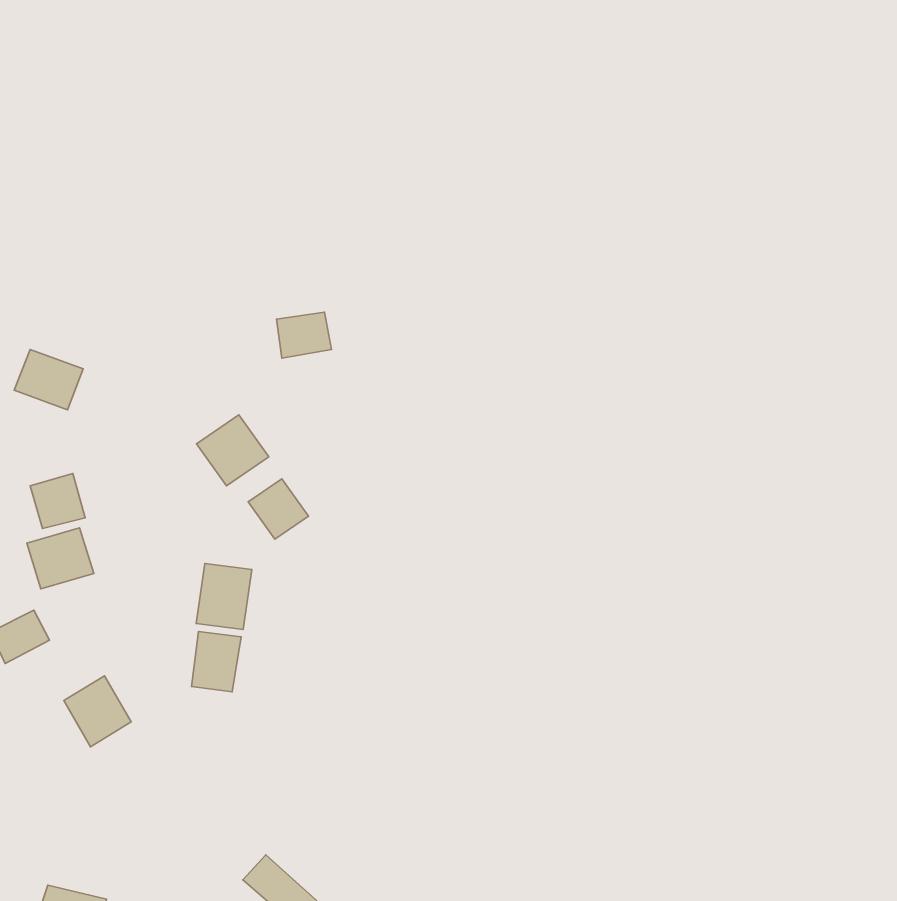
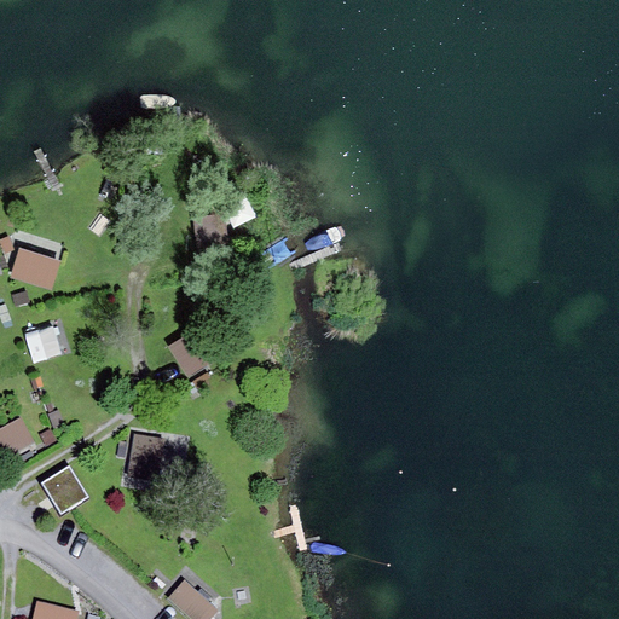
building: [196,415,269,486] -> none
building: [27,528,94,589] -> none
building: [196,563,252,630] -> none

